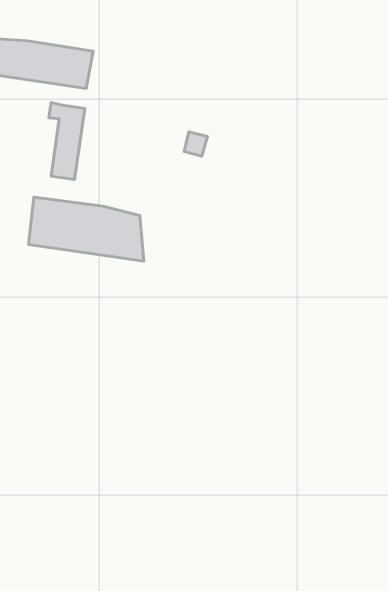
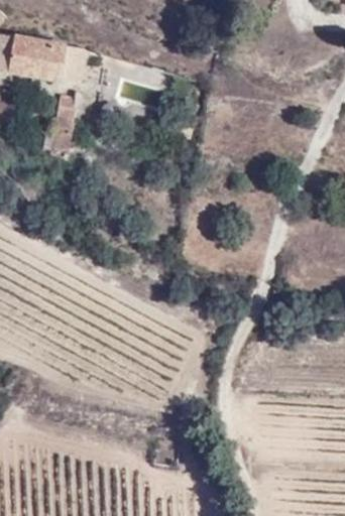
building: [28,197,144,261] -> none

